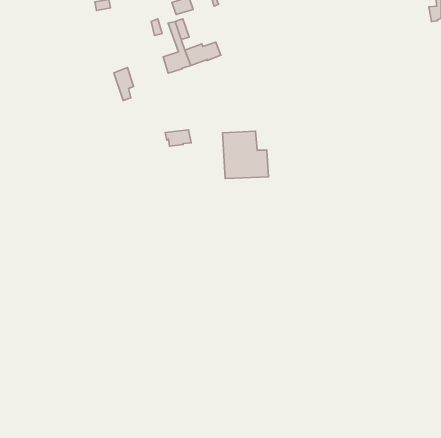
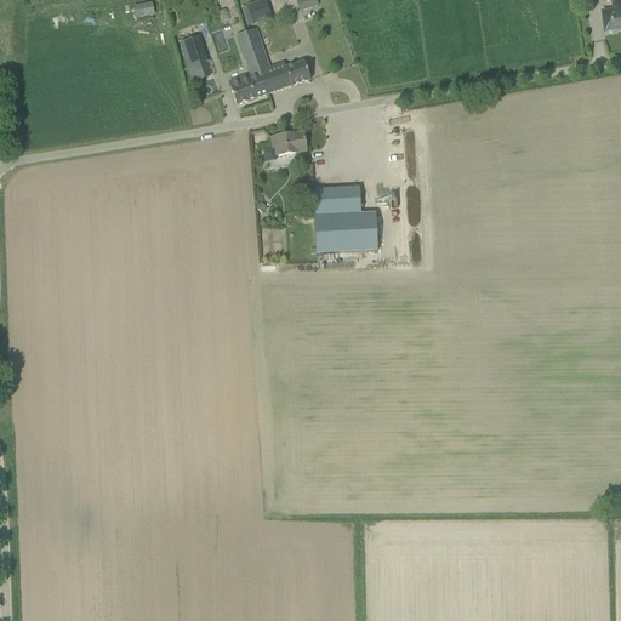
building: [114,68,134,100] -> [180,34,207,80]
building: [165,130,191,146] -> [270,131,307,154]

